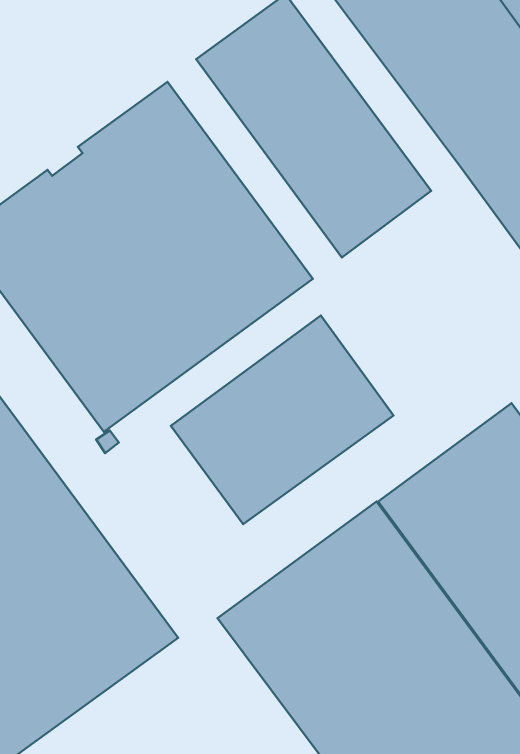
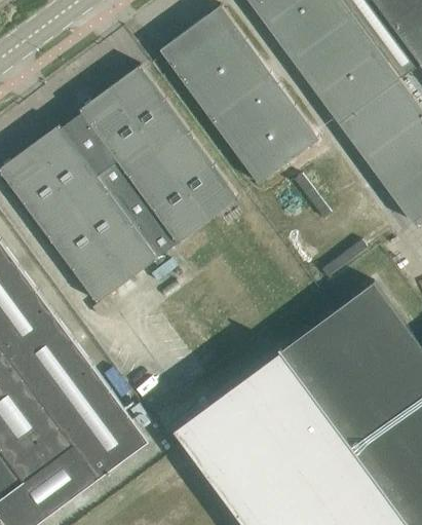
building: [171,316,393,524] -> none

